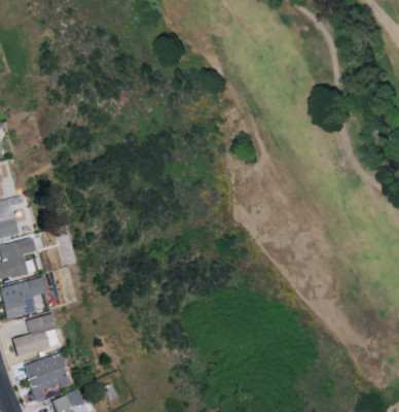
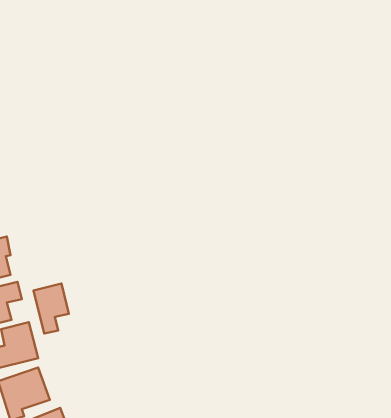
building: none -> [34,283,69,334]

